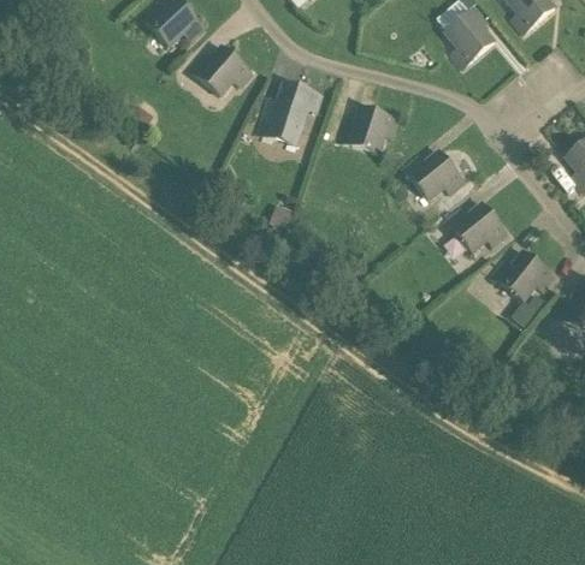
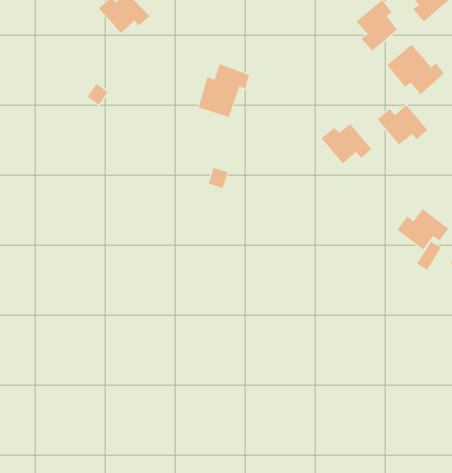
building: [191,46,254,95] -> none
building: none -> [386,44,444,95]
building: [341,106,400,153] -> none
building: [448,202,508,250] -> [377,104,428,145]

